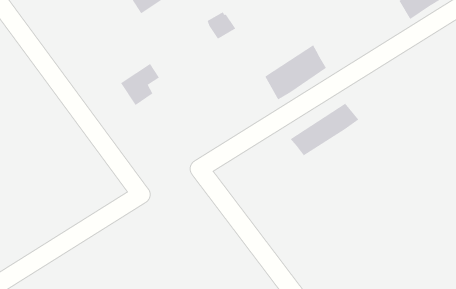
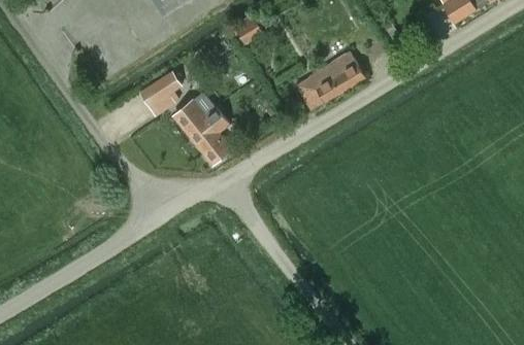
building: none -> [174,99,233,164]
building: [290,103,359,156] -> none

